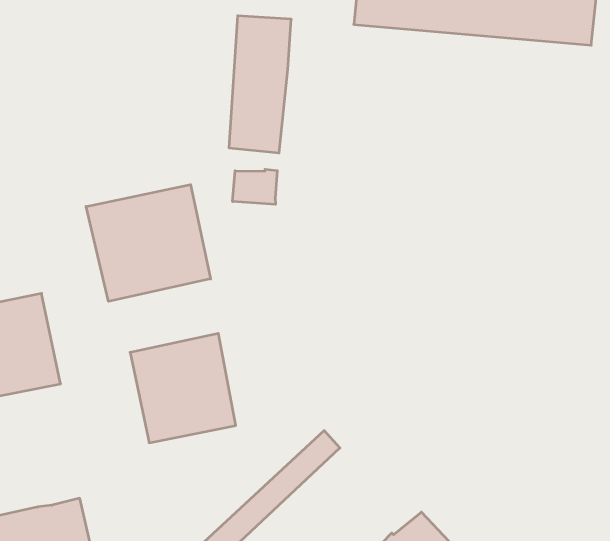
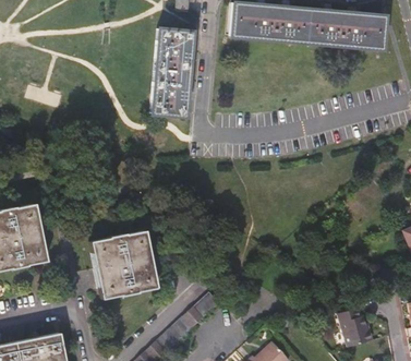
building: [233,169,277,204] -> none
building: [86,185,211,301] -> none
building: none -> [337,308,372,347]

